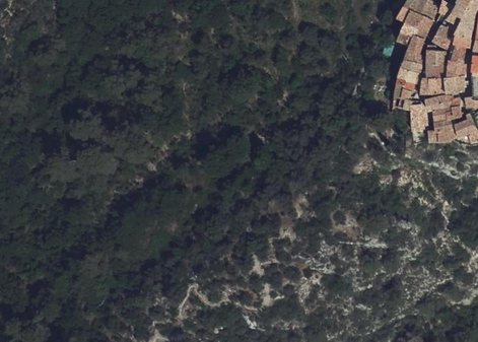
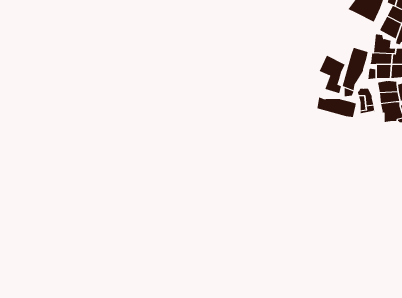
building: [399,21,427,63] -> [319,55,346,94]
building: none -> [317,96,357,118]

